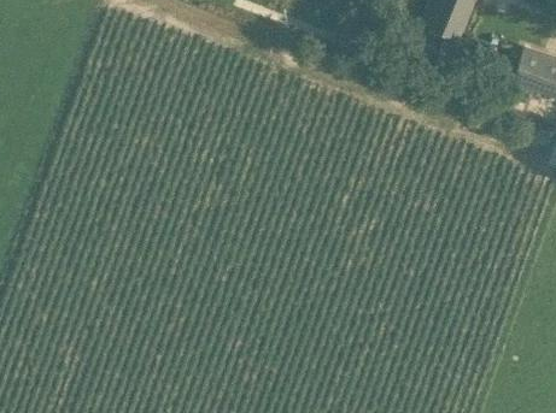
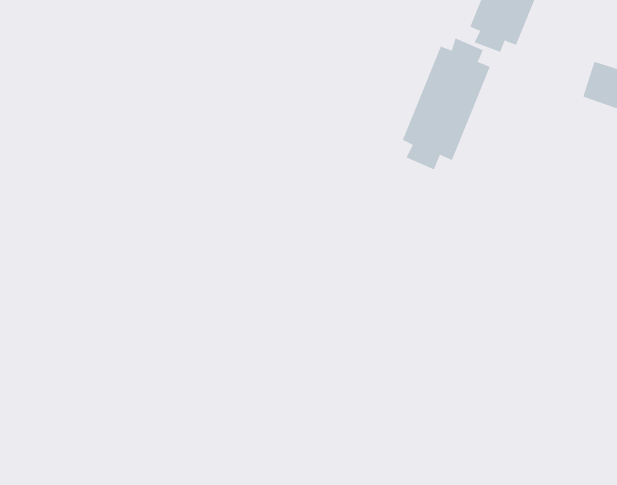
building: none -> [402,37,490,170]

